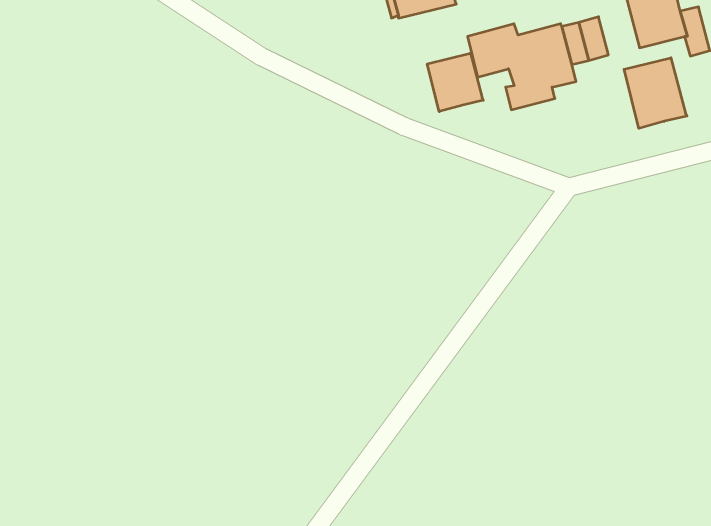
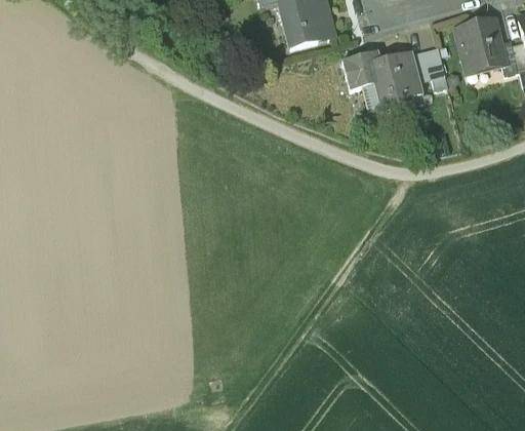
building: [427,53,483,112] -> none
building: [624,58,687,128] -> none

